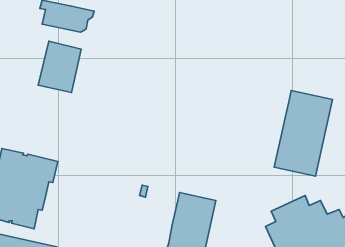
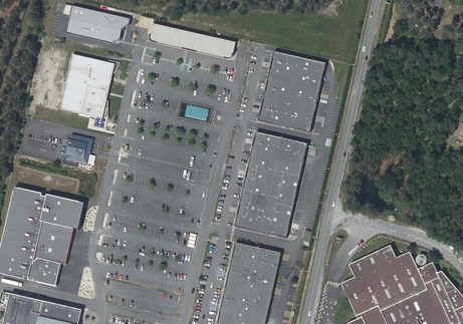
building: none -> [147,20,239,60]
building: none -> [260,50,324,130]
building: [274,91,332,176] -> [235,131,307,237]
building: none -> [63,132,93,164]

